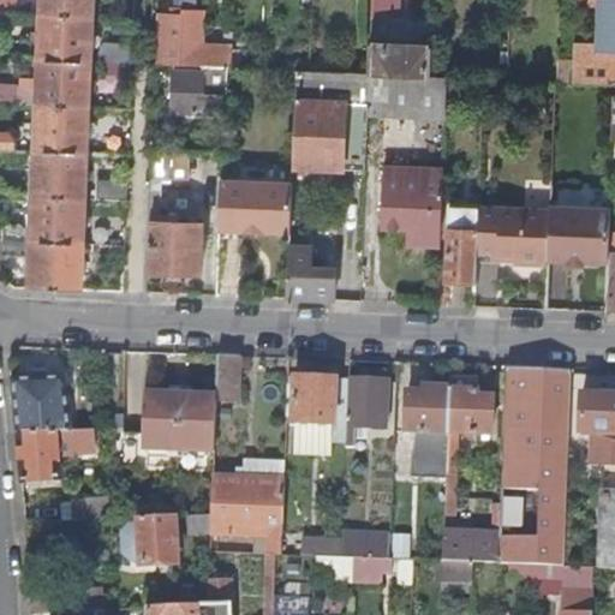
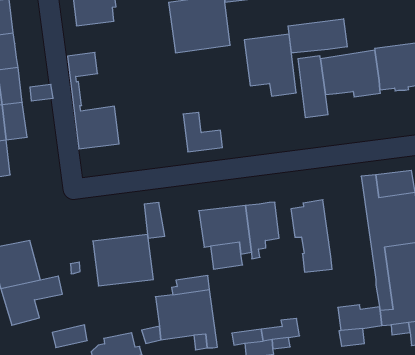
building: none -> [288,19,347,53]
building: [221,180,291,231] -> none
building: [53,241,83,288] -> none
building: [446,375,491,491] -> none

